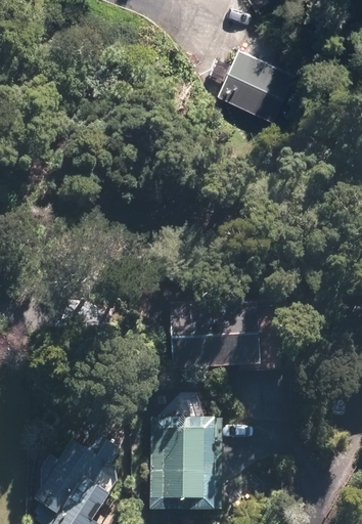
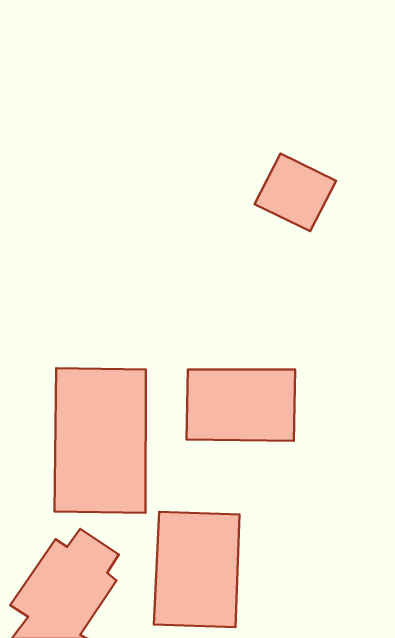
building: [226,52,290,114] -> [254,154,336,231]
building: none -> [54,368,146,513]

